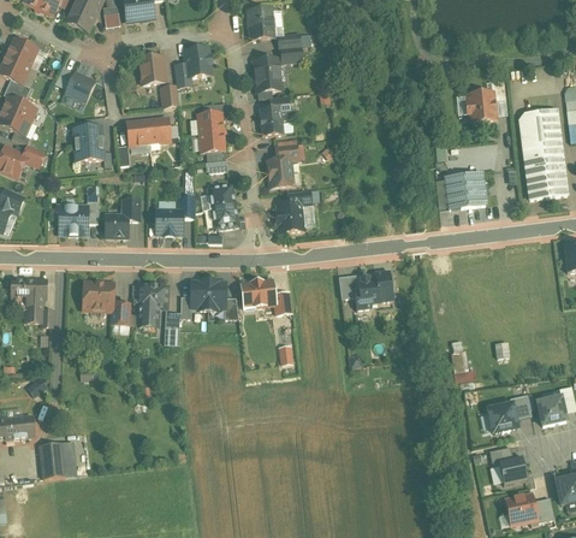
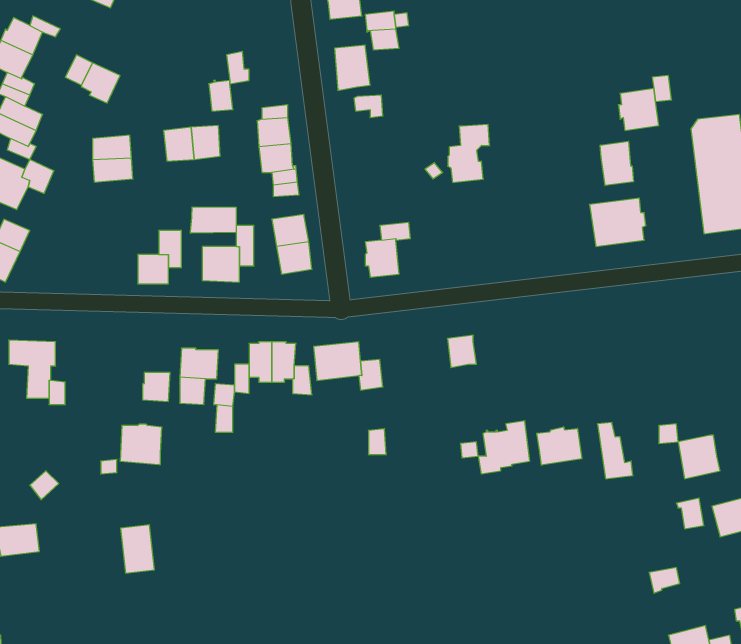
building: [185,47,212,76] -> none
building: [139,55,166,84] -> none
building: [260,106,284,135] -> none
building: none -> [600,141,633,186]
building: [267,143,298,187] -> [448,124,490,182]
building: none -> [190,207,236,233]
building: [61,205,91,235] -> none
building: [355,270,393,309] -> [478,421,530,474]
building: [83,280,114,311] -> [120,424,162,464]
building: none -> [537,427,582,465]
building: [487,403,518,436] -> [678,435,720,479]
building: [40,442,65,478] -> [121,525,154,573]
building: [499,457,527,485] -> none

